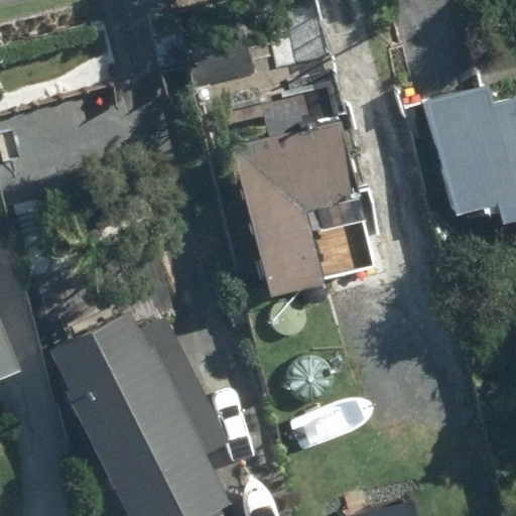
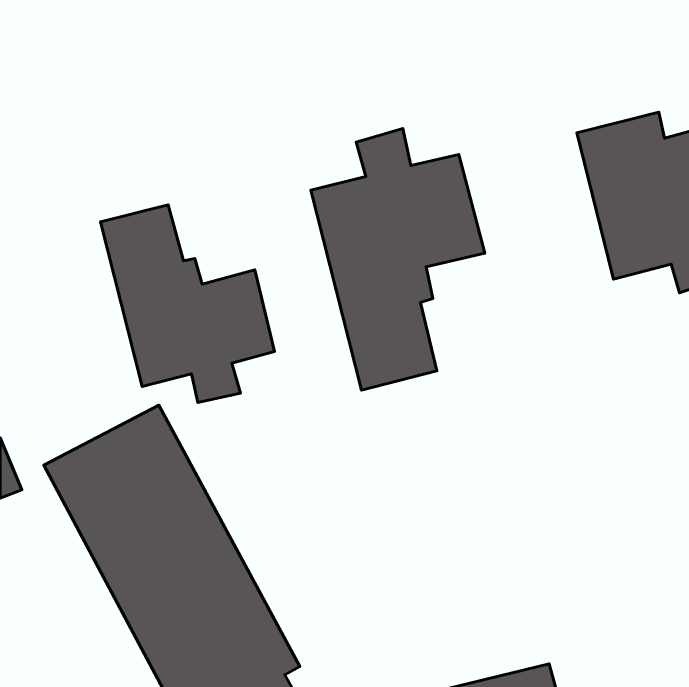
building: none -> [101,205,275,402]

